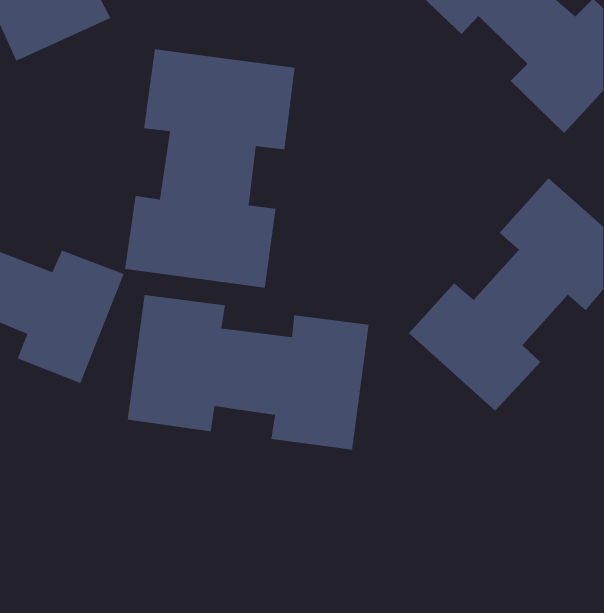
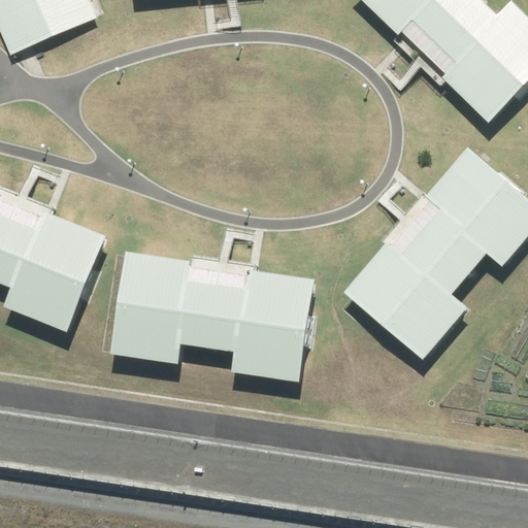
building: [125,48,295,288] -> none

